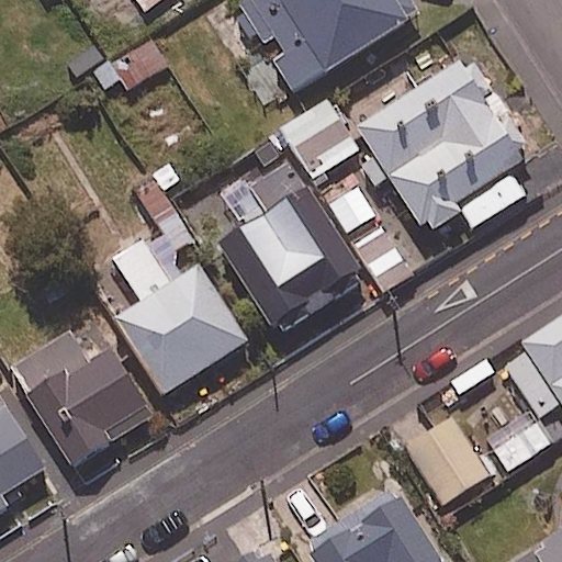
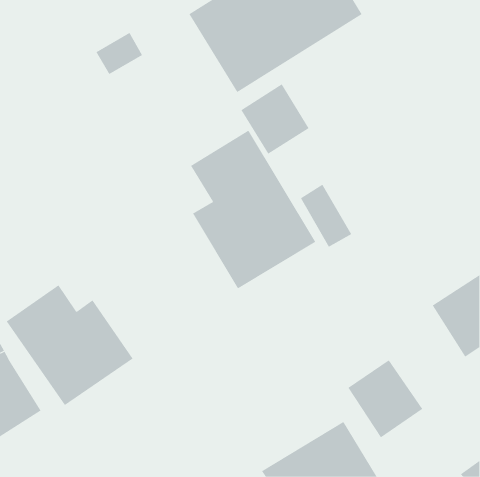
building: [357,60,533,239] -> none
building: [111,221,248,394] -> none

